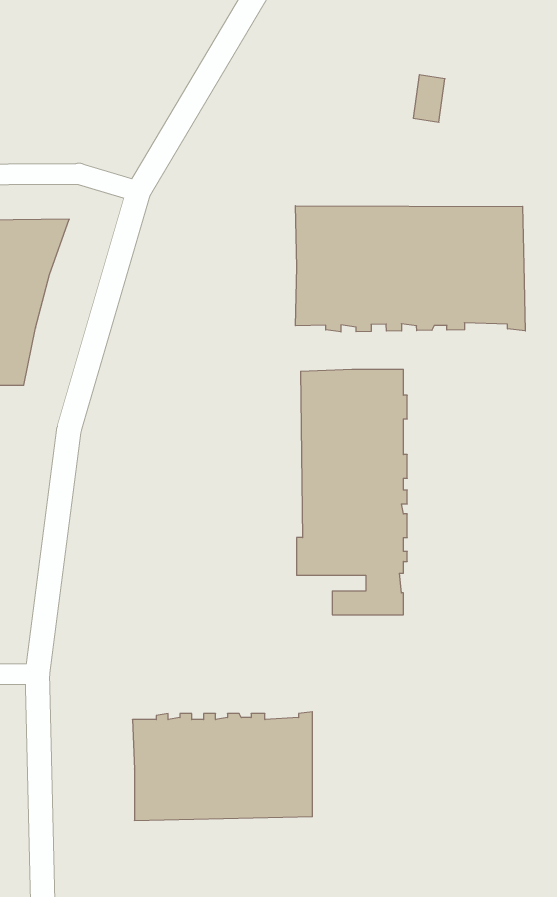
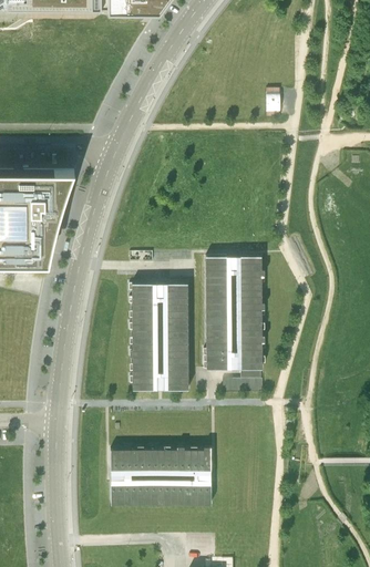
building: [295,206,525,332] -> none
building: none -> [129,284,188,391]

